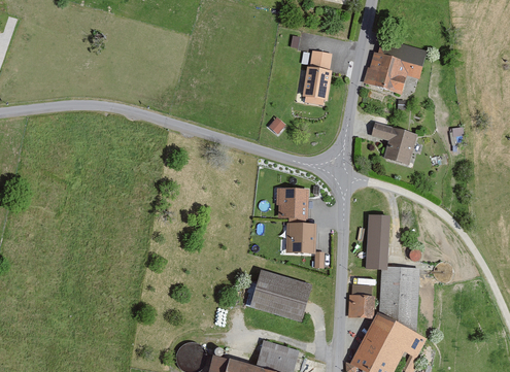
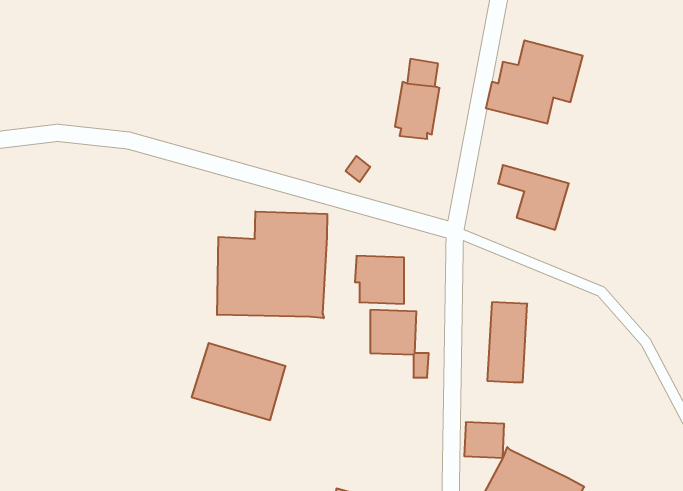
building: none -> [217,211,327,318]
building: [378,268,418,332] -> none
building: [249,270,312,322] -> [192,343,286,420]

